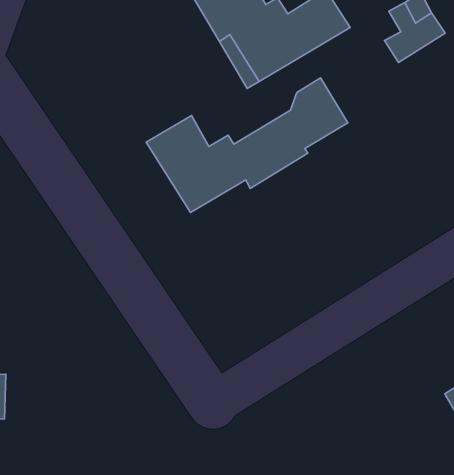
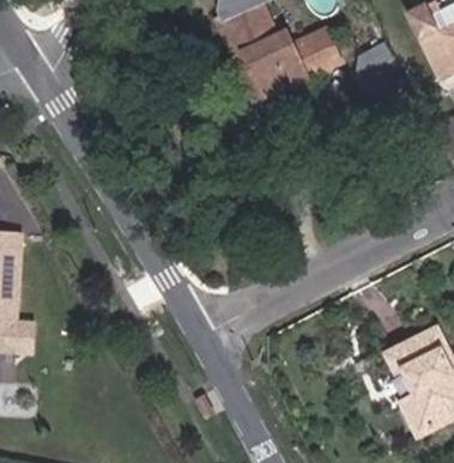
building: [146,78,348,213] -> none

